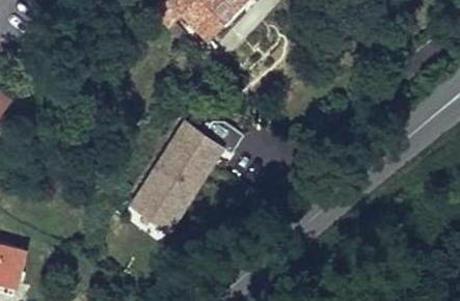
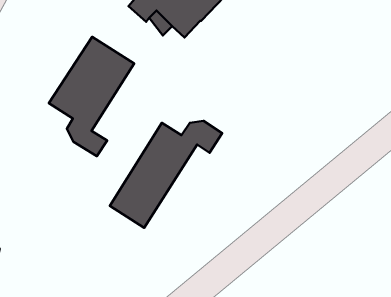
building: none -> [49,37,134,156]

